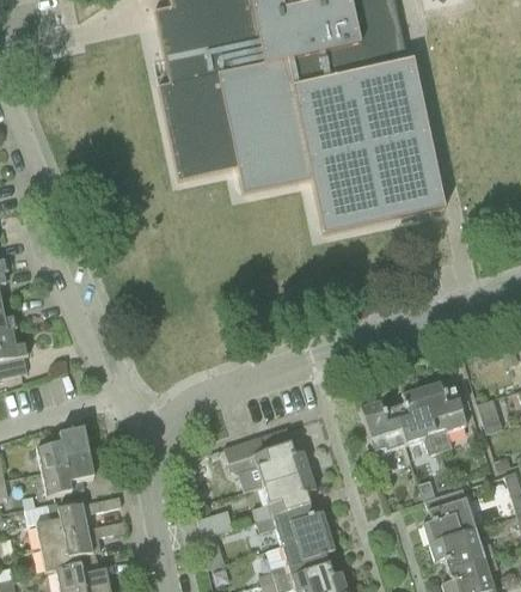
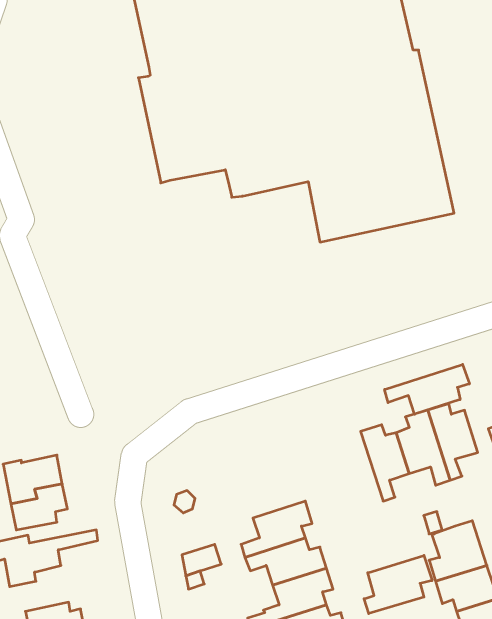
building: none -> [385,364,469,414]
building: [223,428,311,492] -> none
building: none -> [364,555,432,614]
building: [42,520,128,572] -> none

